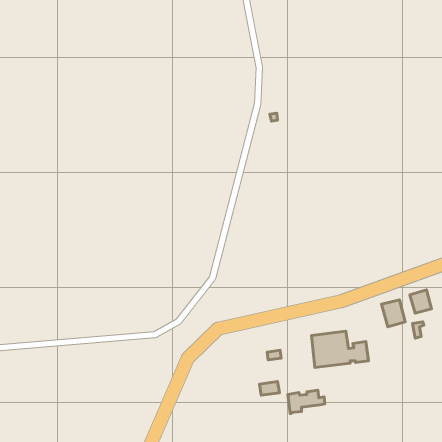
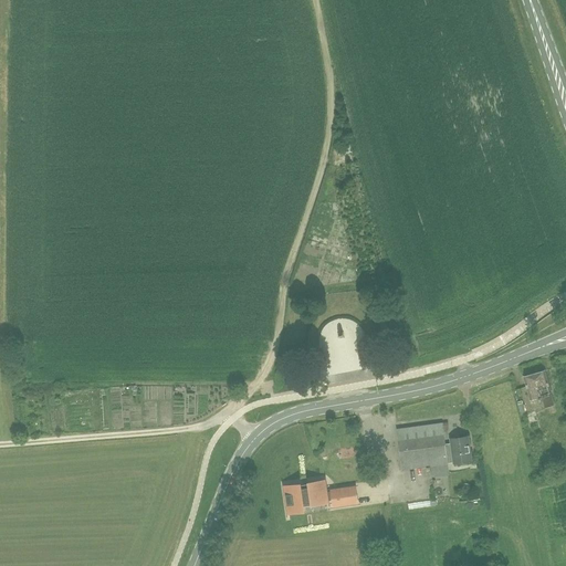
building: [381,300,405,327] -> none
building: [288,390,325,413] -> [285,482,333,512]

